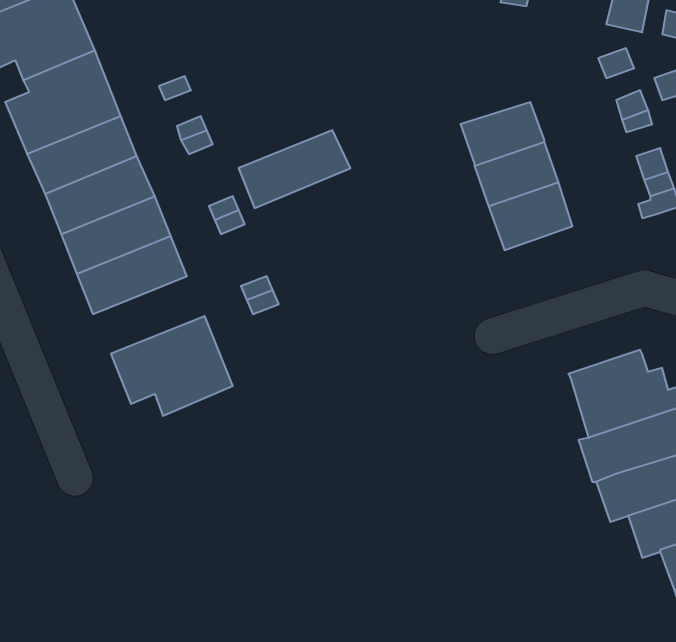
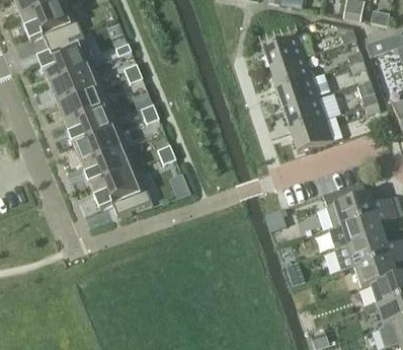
building: none -> [260,33,303,67]
building: [239,130,350,208] -> [81,144,138,184]
building: none -> [290,119,331,151]

